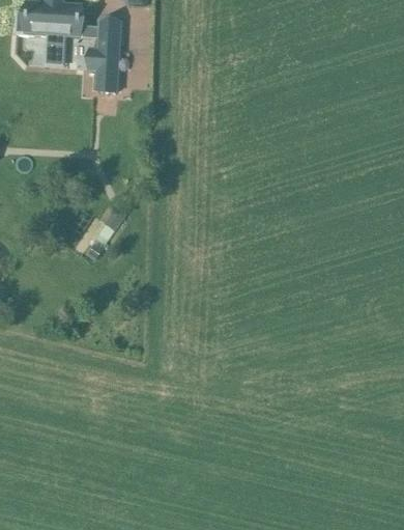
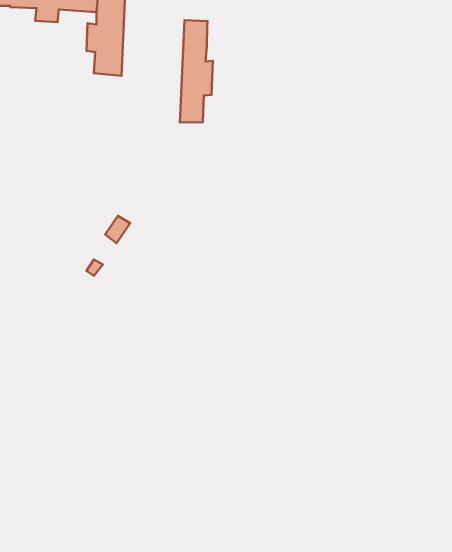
building: none -> [180,20,213,123]

